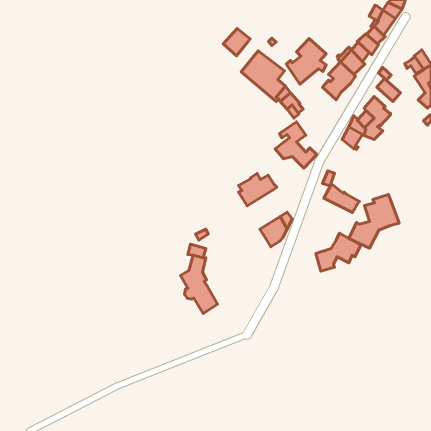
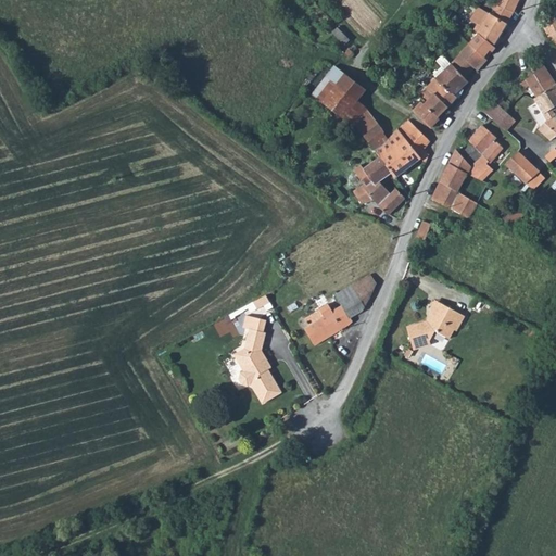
building: [223,28,250,56] -> none
building: [286,38,326,84] -> [379,122,430,180]
building: none -> [506,151,545,190]
building: [239,174,277,206] -> [302,303,351,344]
building: [324,184,359,212] -> [429,179,475,216]
building: [349,194,399,248] -> none

